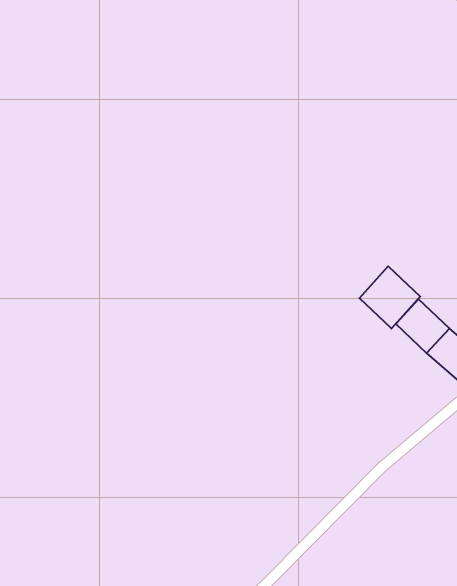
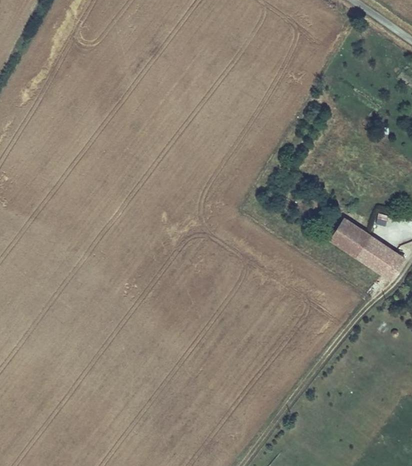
building: [359,266,420,329] -> none

